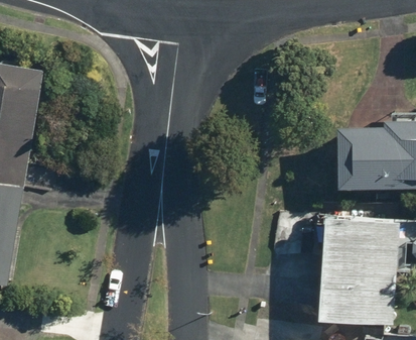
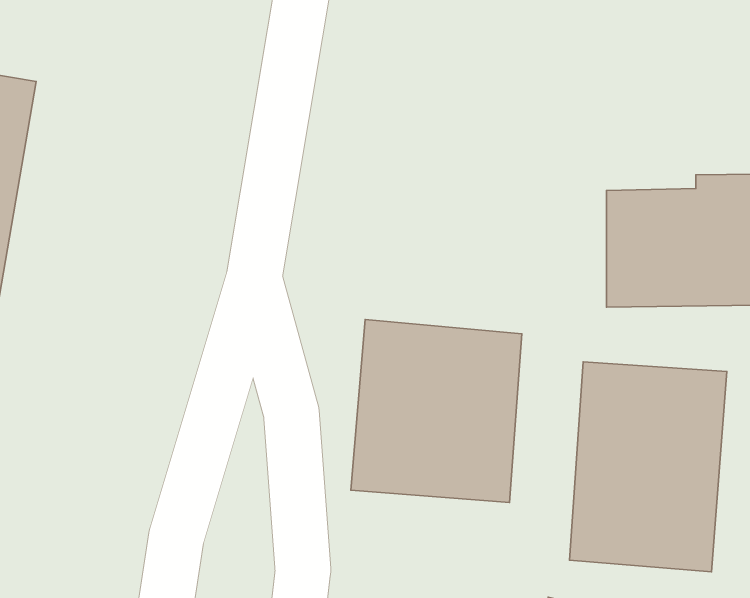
building: none -> [351,320,522,503]

